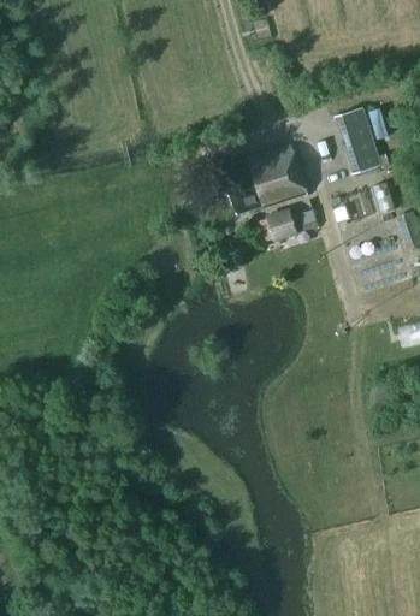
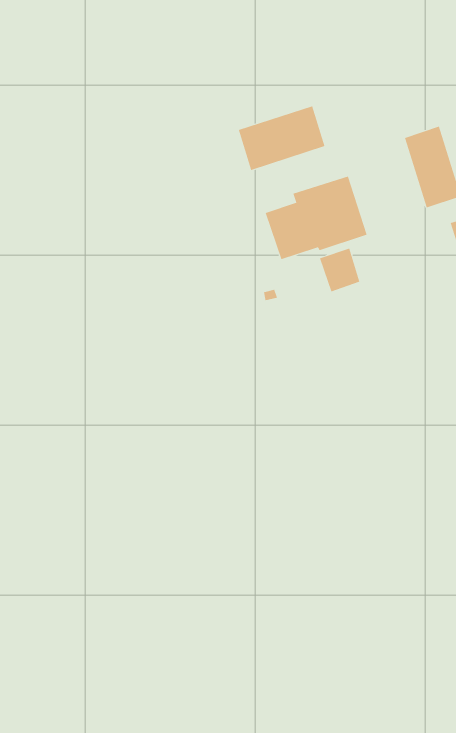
building: none -> [238,105,325,171]

